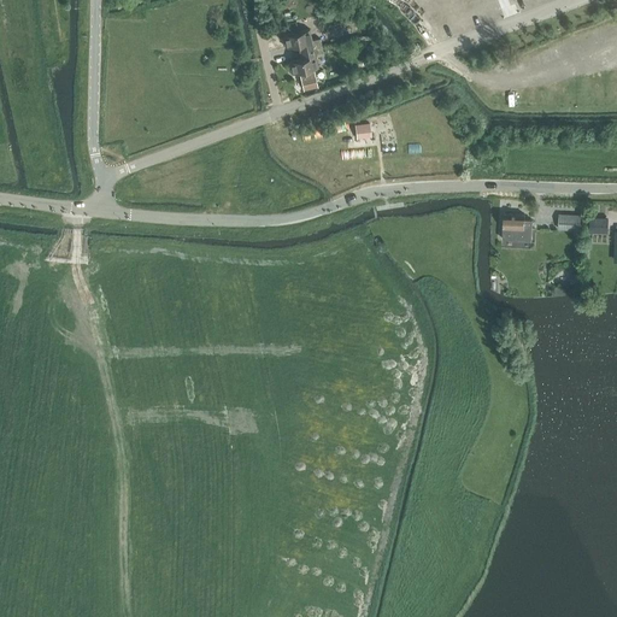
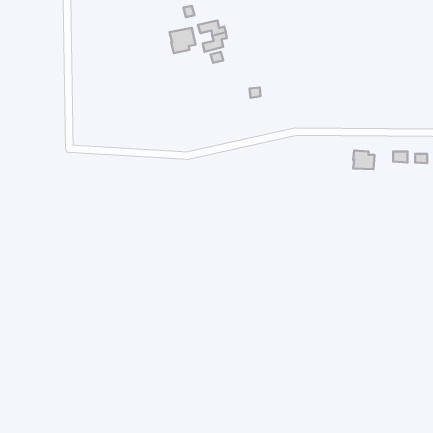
building: none -> [170,28,195,53]

